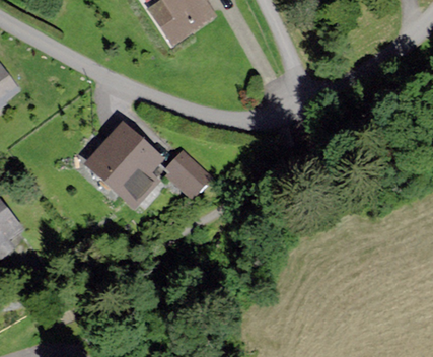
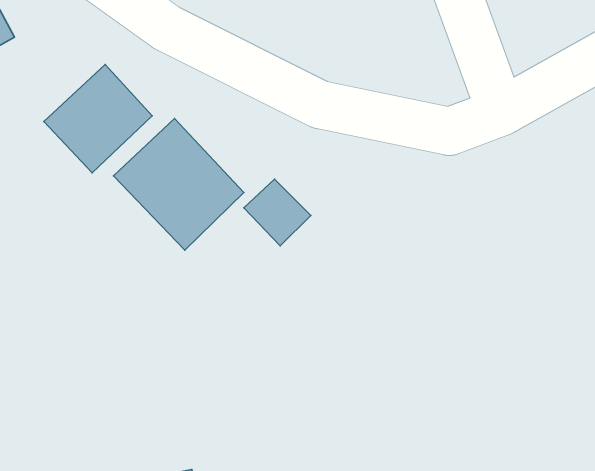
building: none -> [44,64,152,173]

